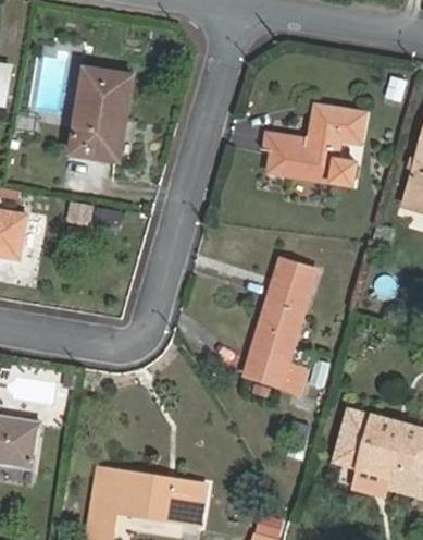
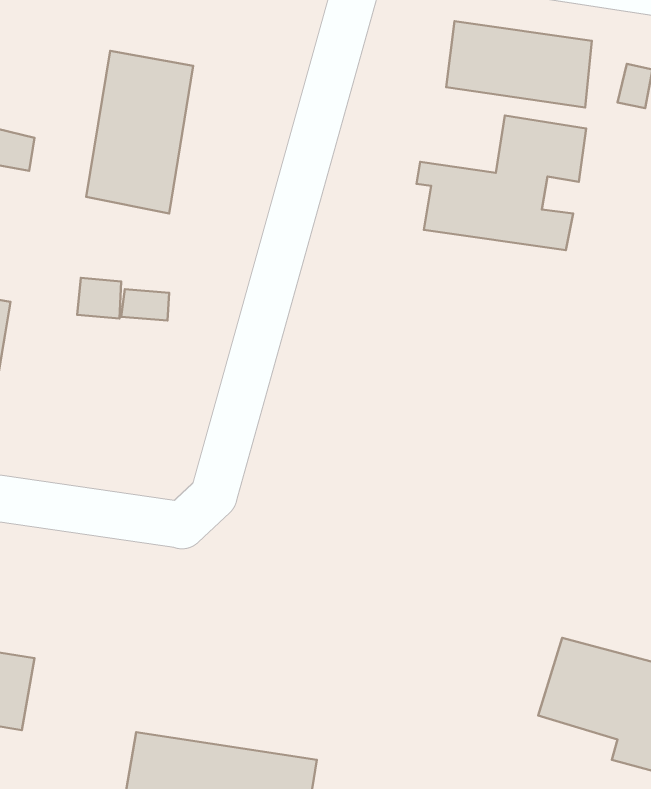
building: none -> [446,21,592,107]
building: [242,259,316,388] -> none

